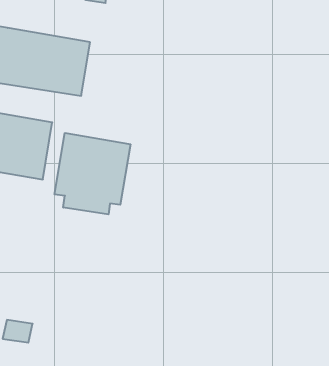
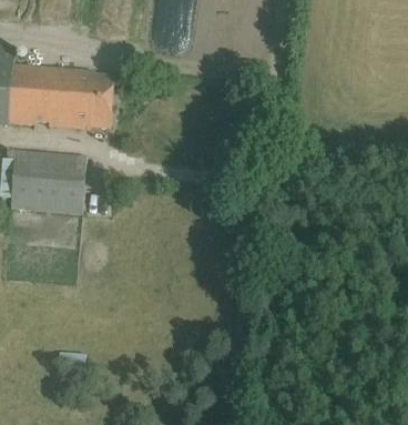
building: [55,133,130,214] -> none

